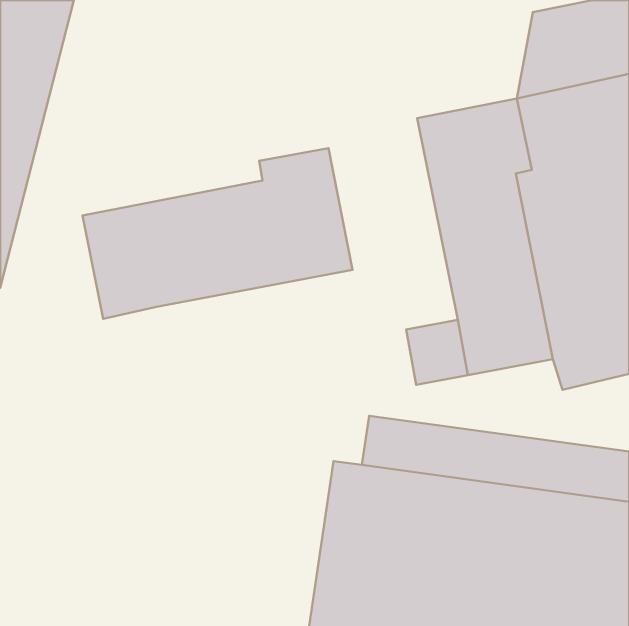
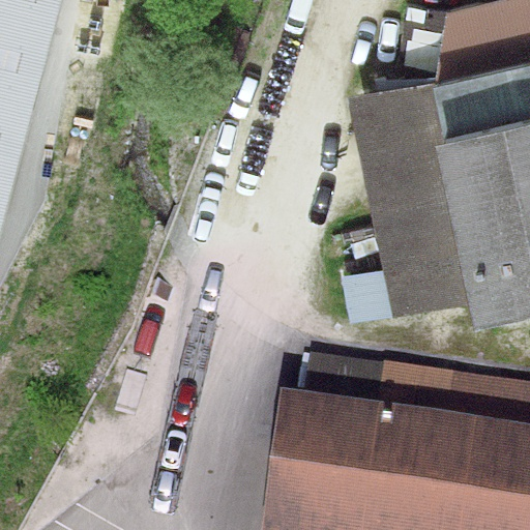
building: [82,148,352,319] -> none

